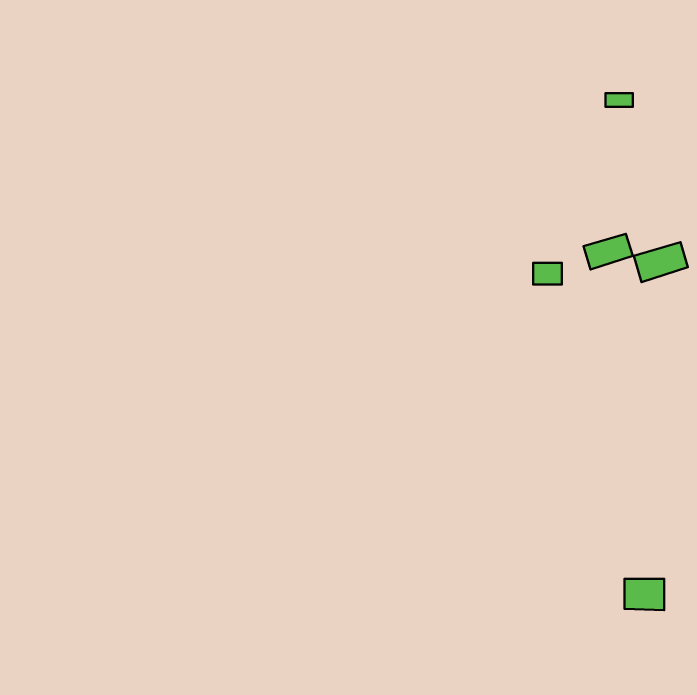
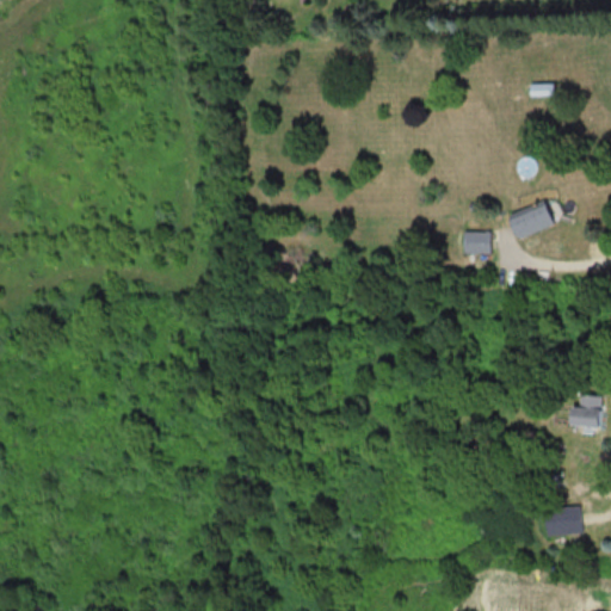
building: [634,242,688,282] -> none
building: none -> [569,396,601,428]

